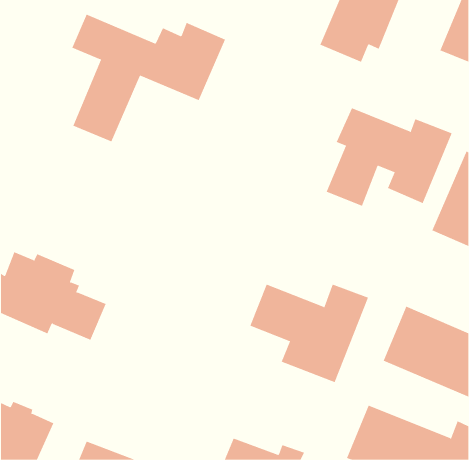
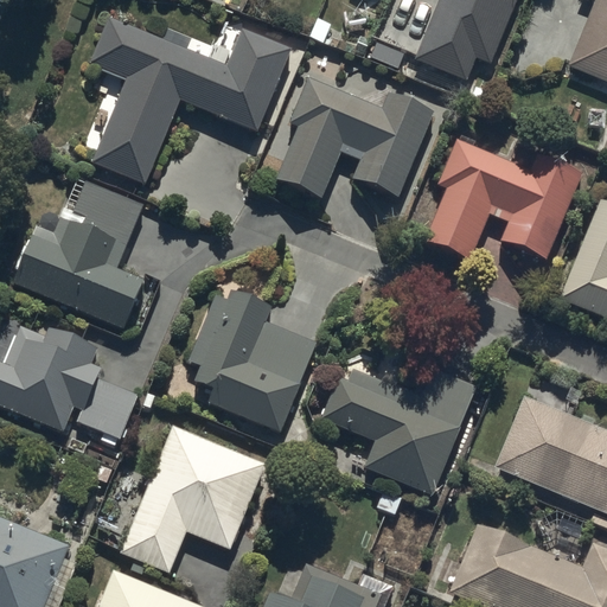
building: none -> [275,78,436,200]
building: none -> [12,179,146,330]
building: none -> [187,290,317,430]
building: none -> [121,427,262,571]

